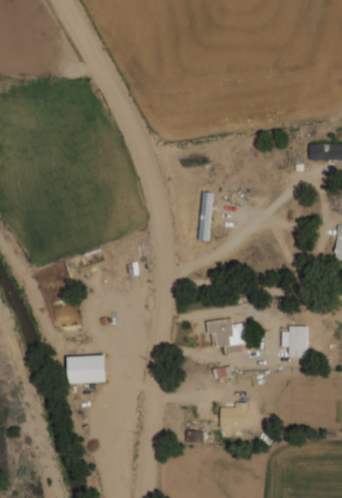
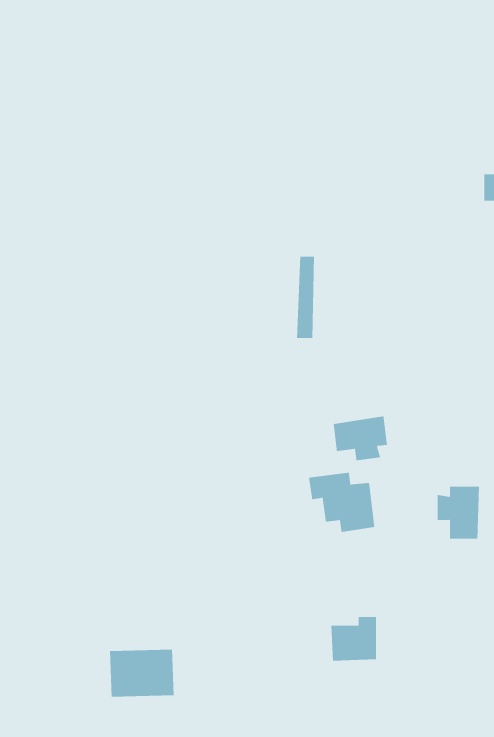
building: none -> [333,416,387,461]
building: [67,356,105,384] -> [109,649,175,697]

